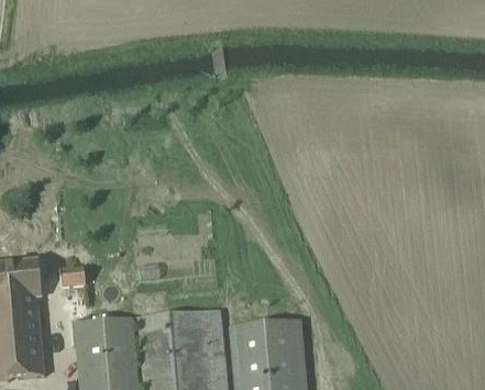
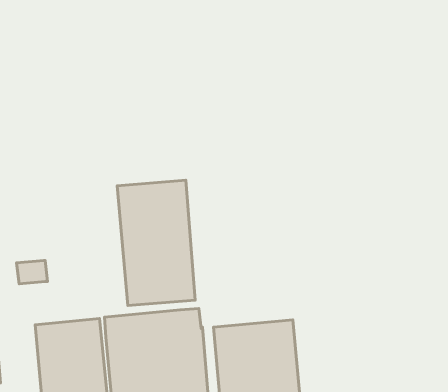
building: none -> [117,180,195,306]

